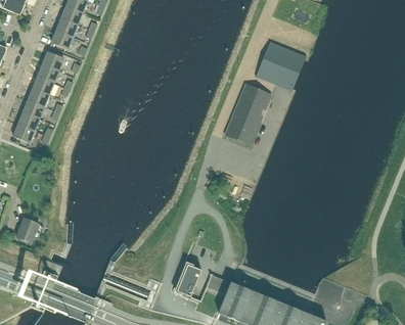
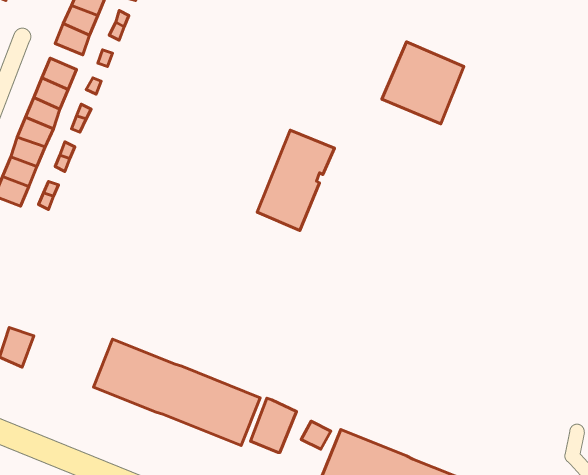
building: [224,82,272,144] -> [257,130,334,230]
building: none -> [93,339,260,446]

